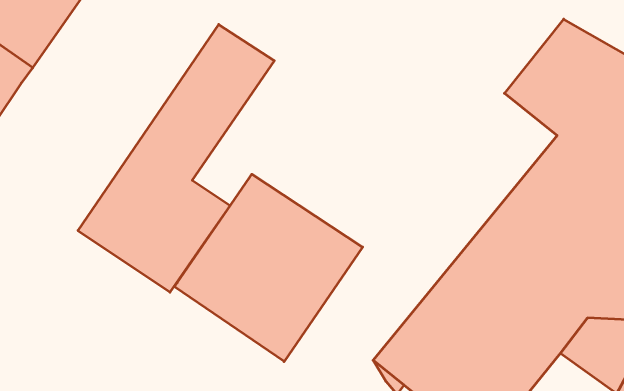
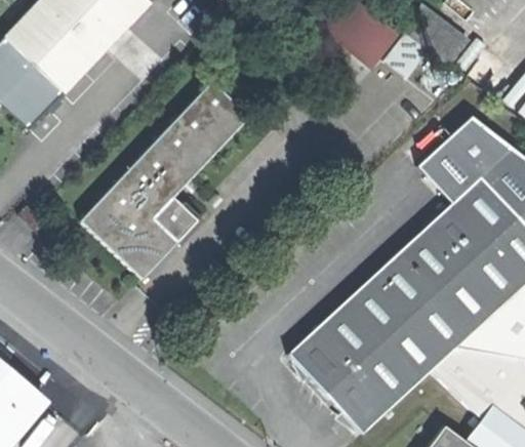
building: [175,174,363,362] -> none

